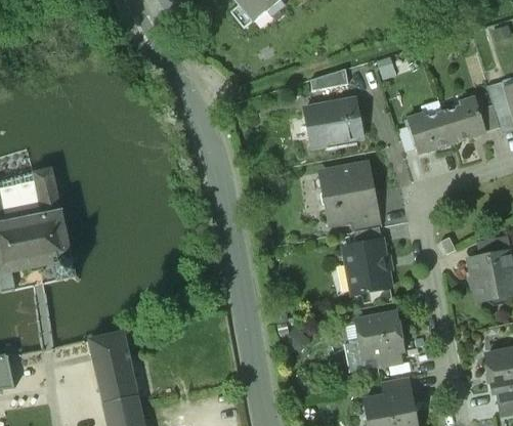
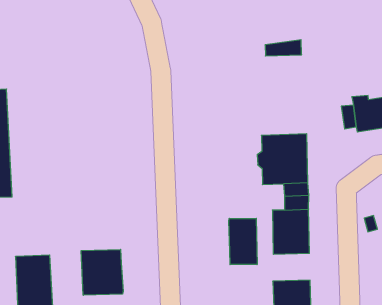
building: [303,96,361,145] -> none
building: none -> [229,218,257,265]
building: none -> [81,249,123,295]

